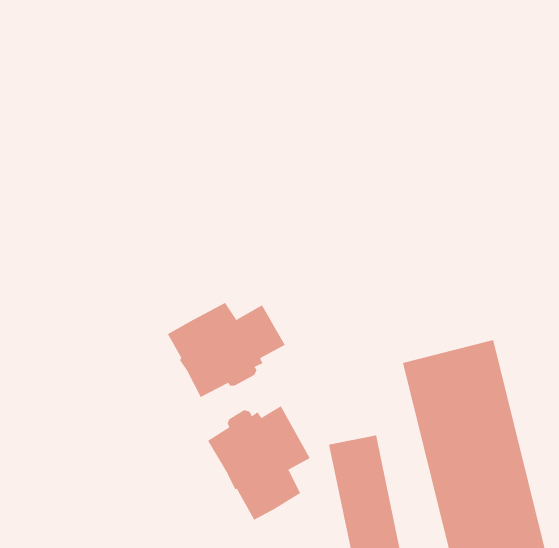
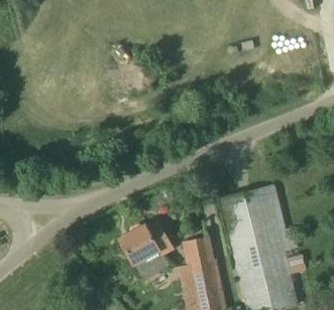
building: [167,302,285,398] -> none

